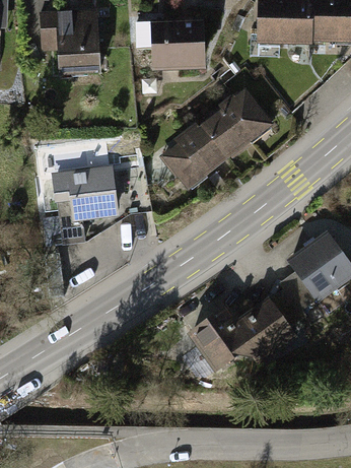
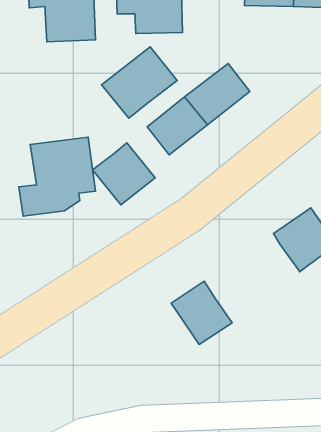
building: none -> [102,47,177,118]
building: none -> [93,143,155,205]
building: [234,271,315,355] -> none

